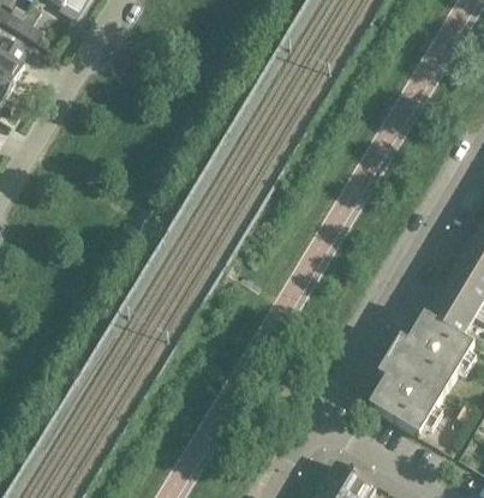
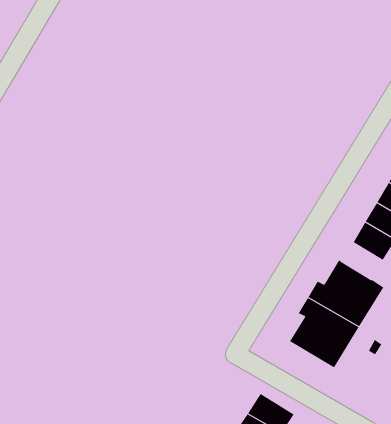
building: [425,294,472,336] -> none

